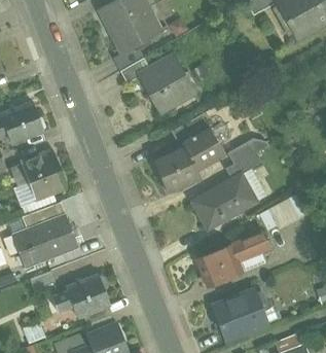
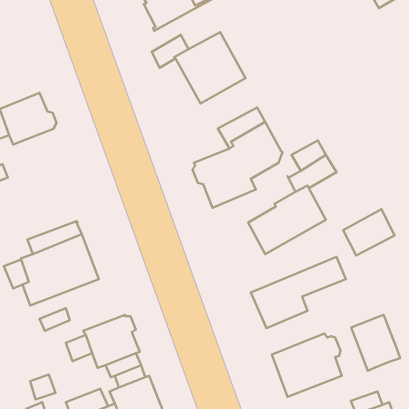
building: [11,152,66,199] -> none
building: none -> [351,315,400,371]

